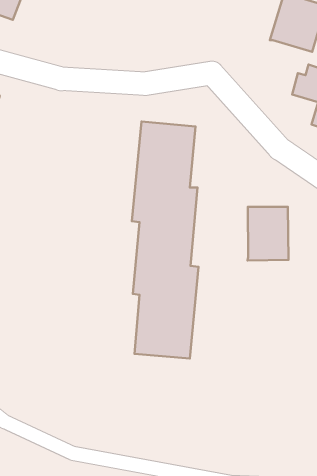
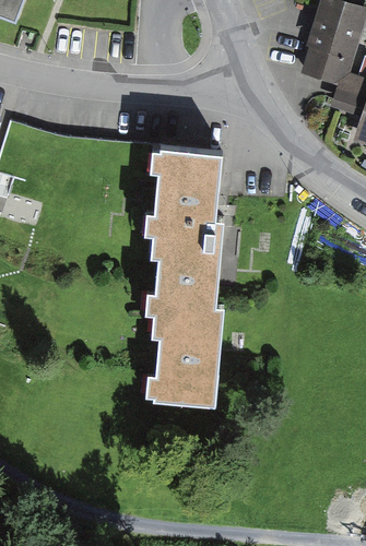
building: none -> [302,46,354,85]
building: [247,207,288,261] -> none

